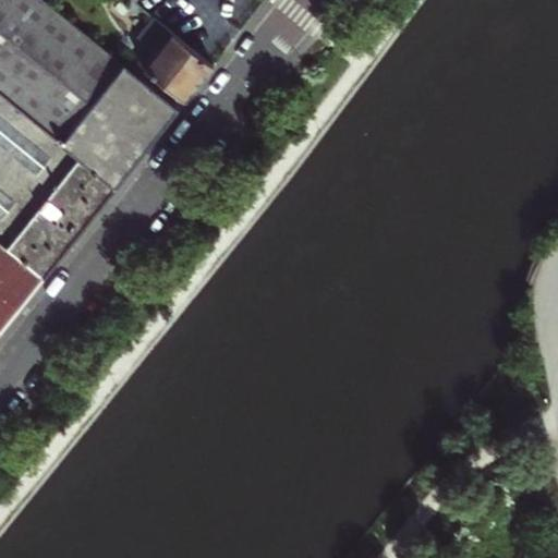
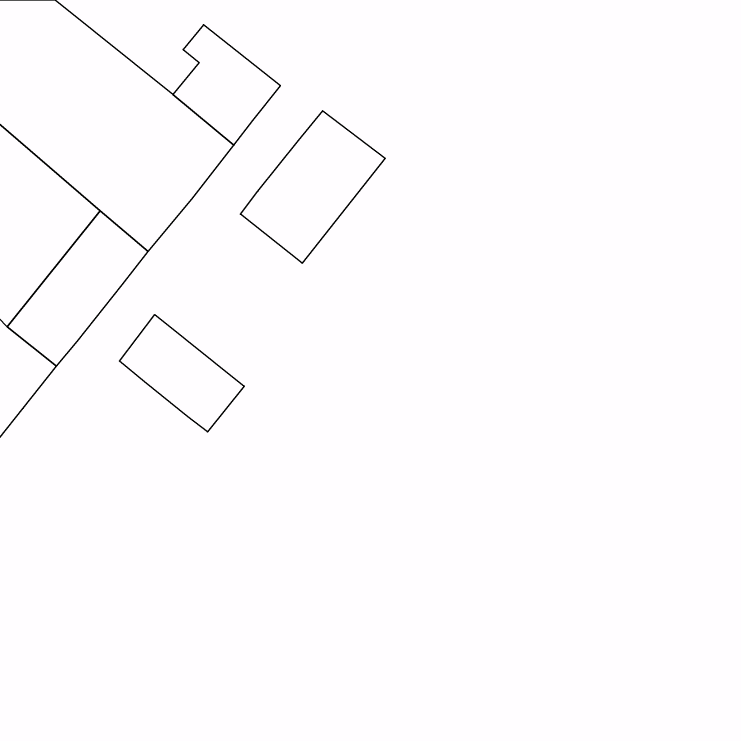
building: none -> [240,111,385,263]
building: none -> [119,315,244,432]

